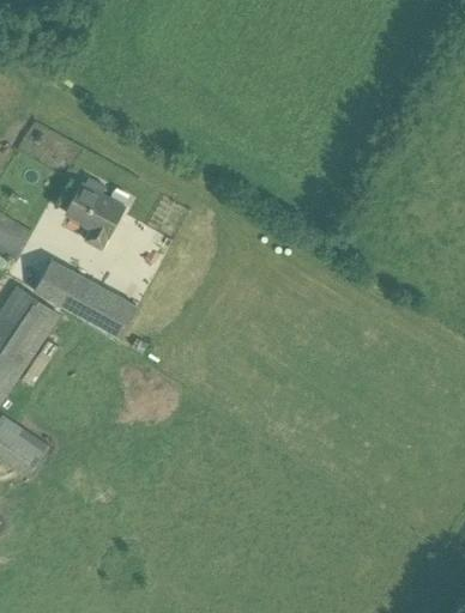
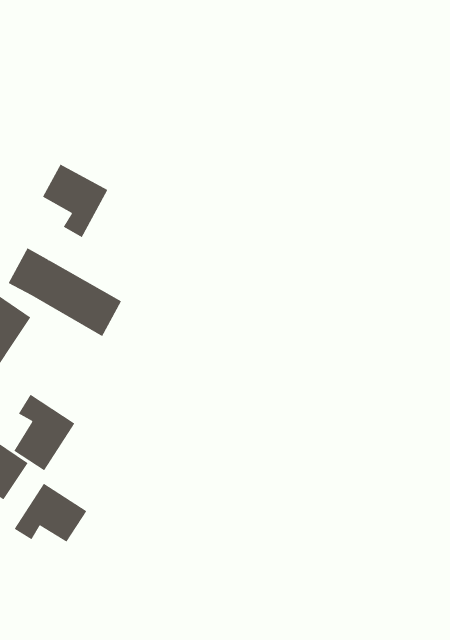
building: none -> [13,394,75,471]
building: none -> [14,483,87,543]

